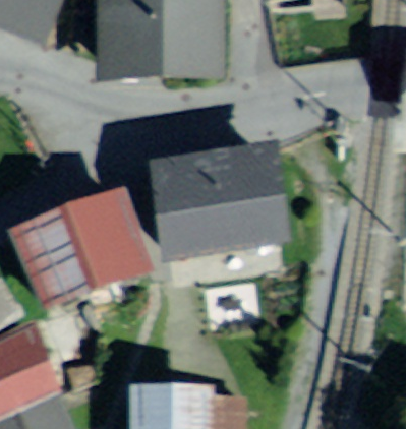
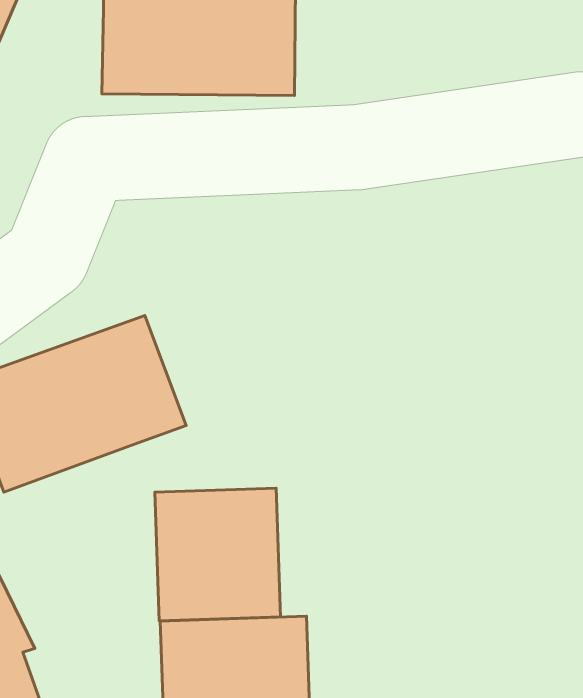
building: [147,152,269,257] -> none
building: none -> [155,488,280,621]

